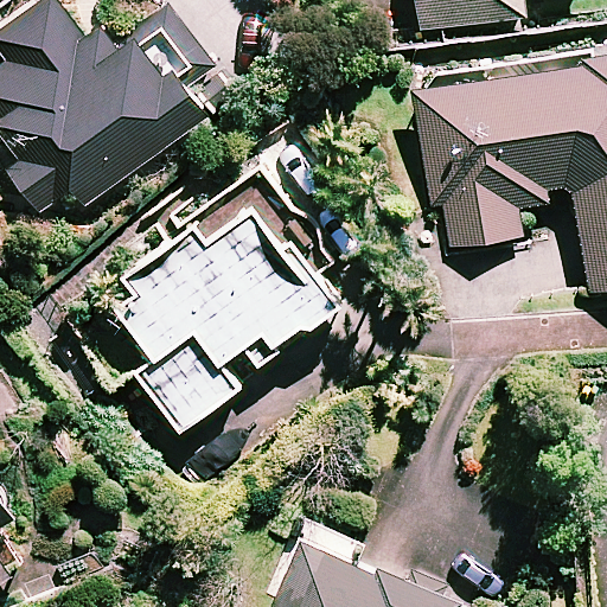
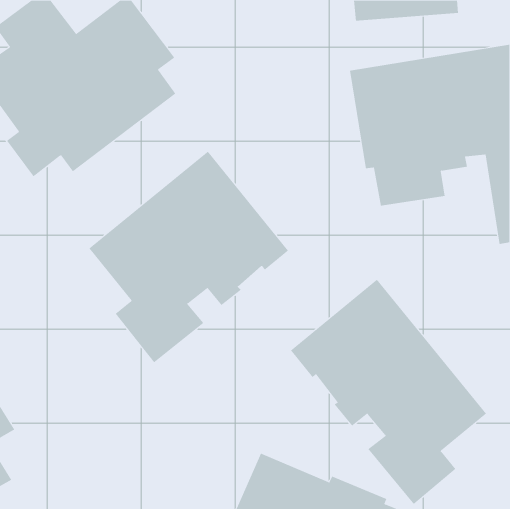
building: none -> [290,279,487,505]

